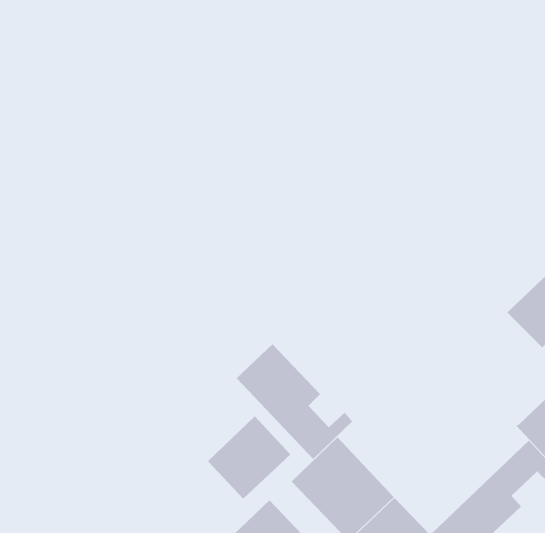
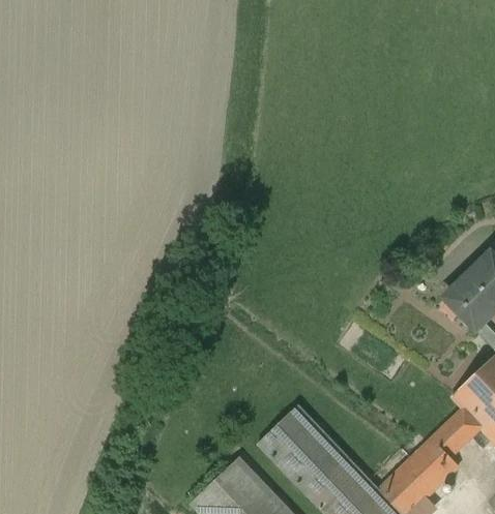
building: [236,344,353,460] -> none
building: [207,415,291,499] -> none

